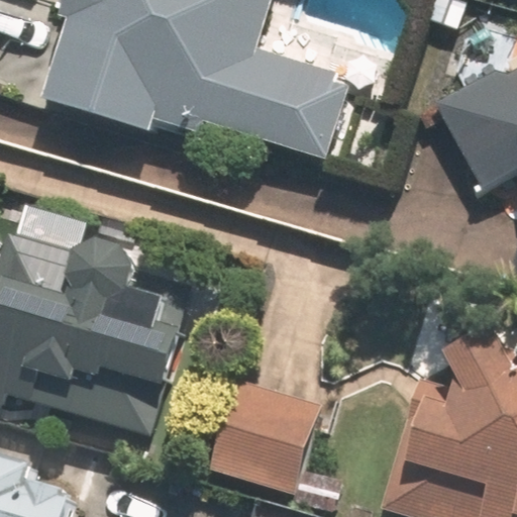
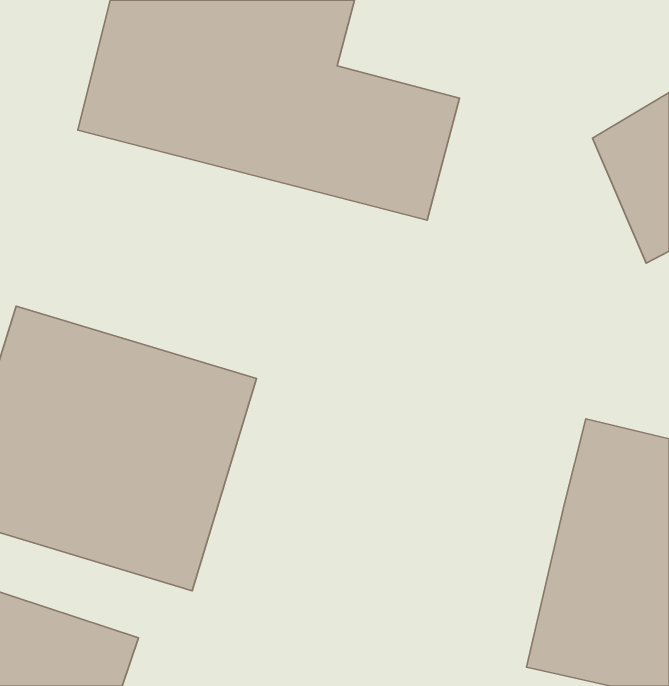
building: [213,372,320,493] -> none

